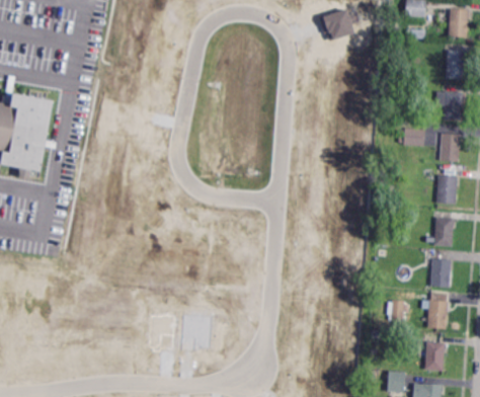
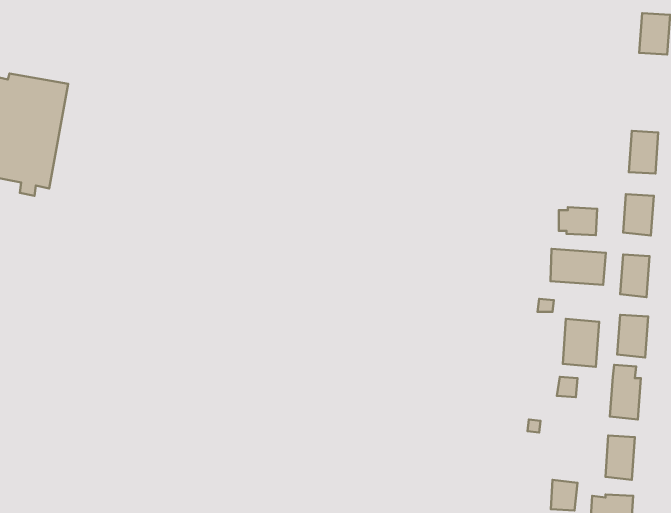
building: [434,90,463,121] -> none
building: [399,127,425,146] -> [559,207,597,235]
building: none -> [551,249,606,285]
building: none -> [563,319,599,367]

